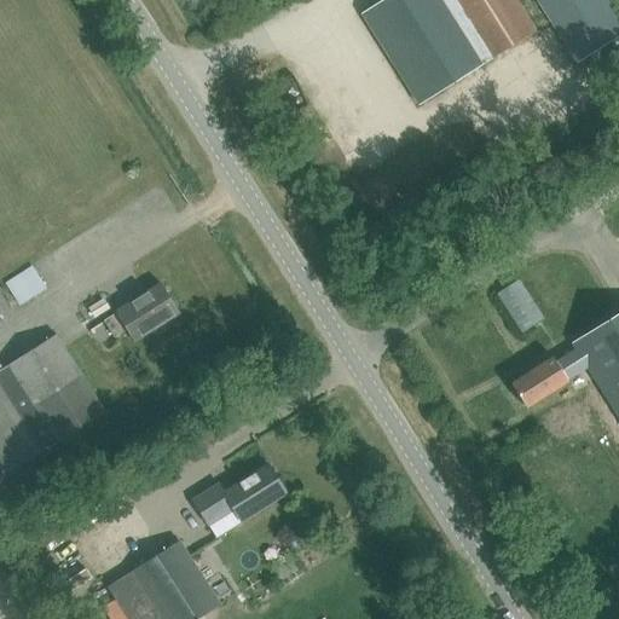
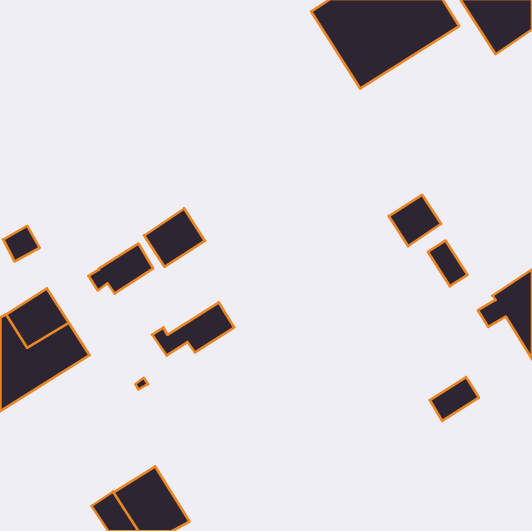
building: none -> [389,195,441,246]
building: none -> [144,208,205,267]
building: [510,357,567,407] -> [430,377,479,421]
building: [191,464,287,526] -> [152,302,234,356]

